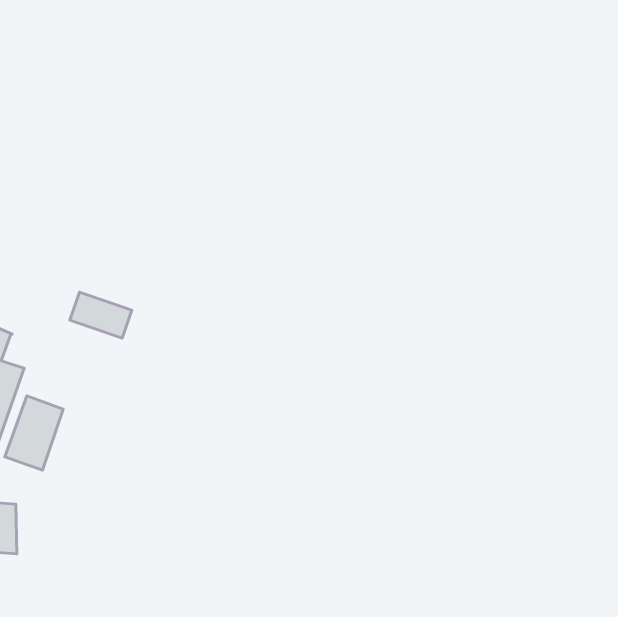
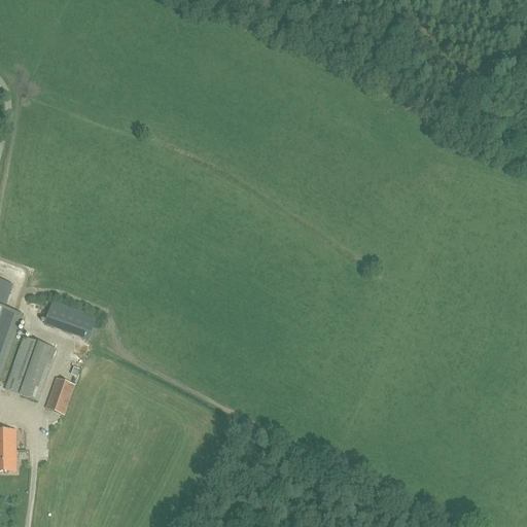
building: [70,292,132,338] -> [43,298,96,338]
building: none -> [45,377,73,413]

